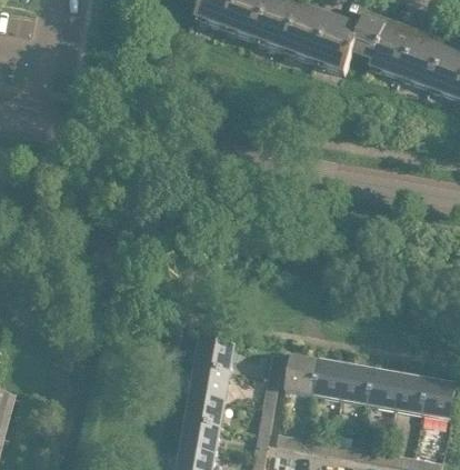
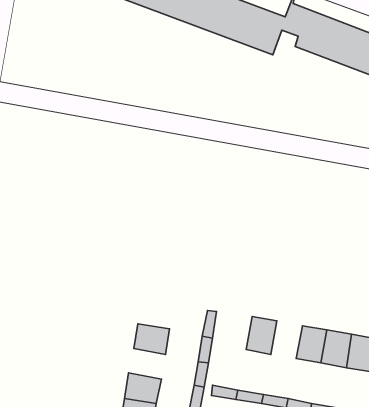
building: [197,337,237,371] -> none
building: [287,353,321,393] -> none
building: [341,362,376,403] -> none
building: [187,392,227,426] -> none

